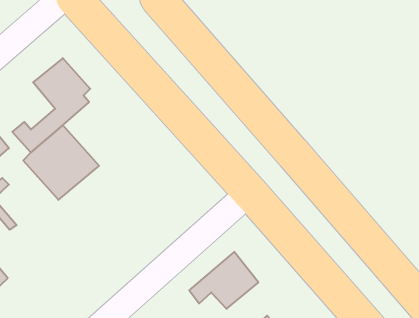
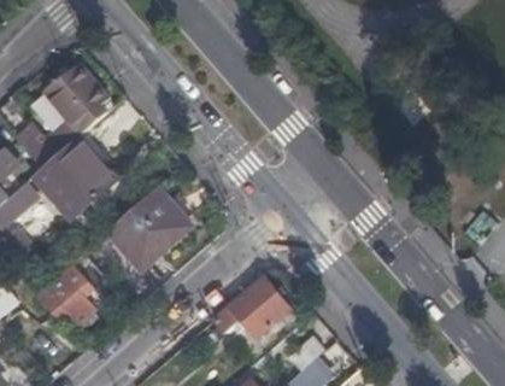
building: none -> [107,185,192,267]
building: none -> [34,264,94,326]

